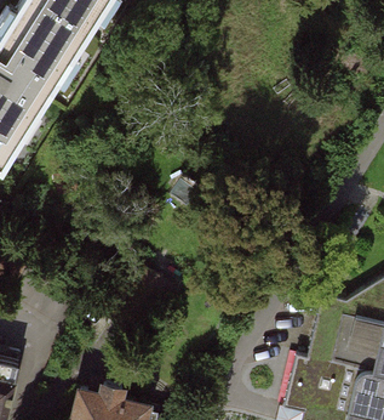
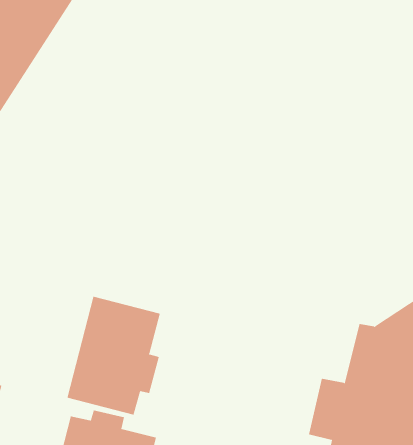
building: none -> [67,296,160,415]

